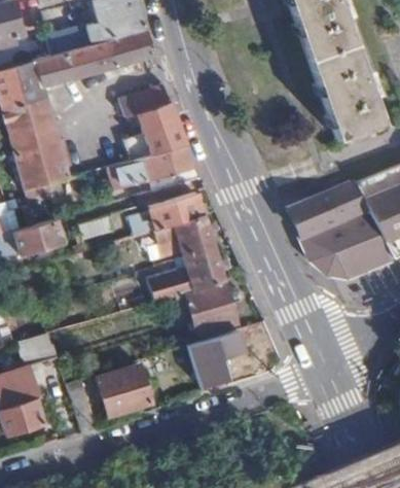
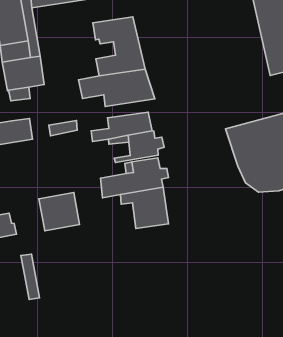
building: [188,332,243,386] -> none
building: [98,365,149,415] -> [39,192,80,231]

